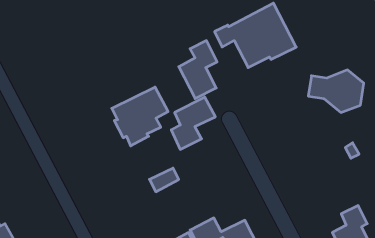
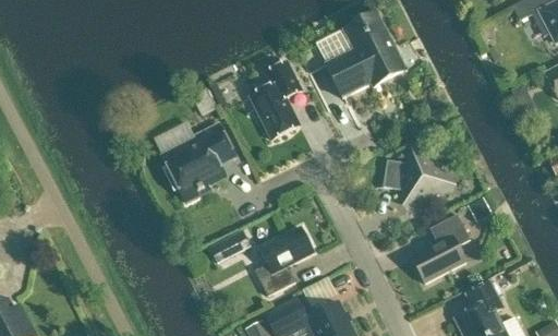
building: [308,70,364,112] -> [375,151,449,207]
building: [171,97,215,149] -> [255,226,314,296]
building: none -> [411,213,470,283]

